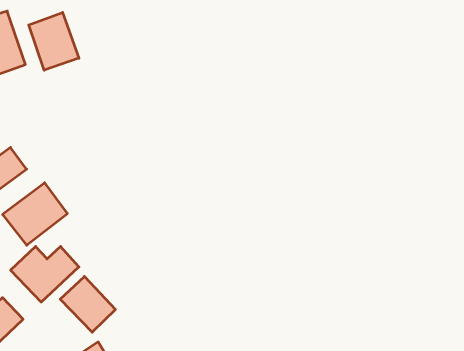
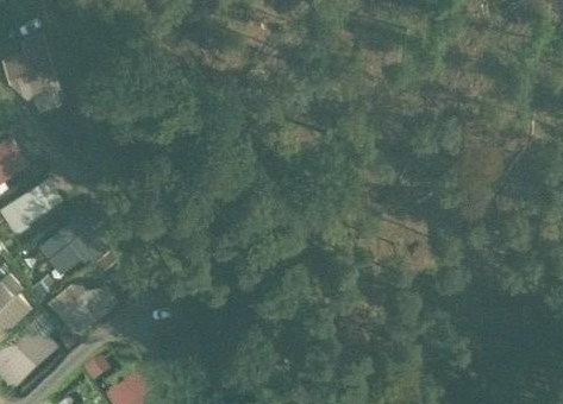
building: [29,12,79,70] -> none
building: [60,276,115,332] -> none

